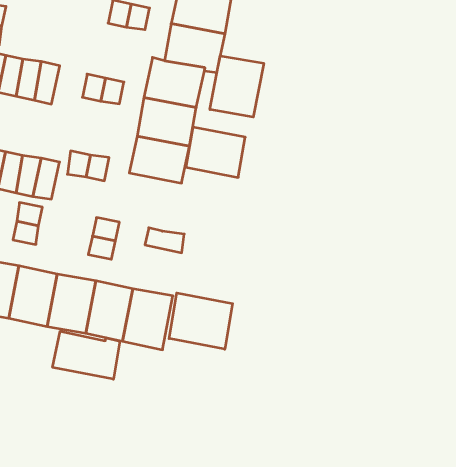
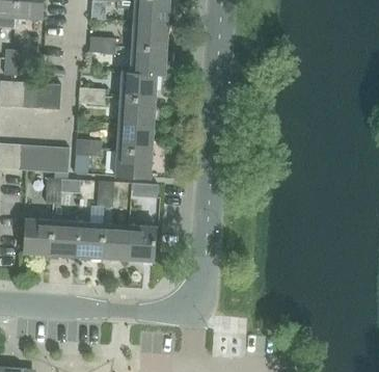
building: [210,56,264,117] -> none
building: [186,127,245,177] -> [115,150,152,179]
building: [169,293,233,349] -> none
building: [53,331,120,379] -> none

